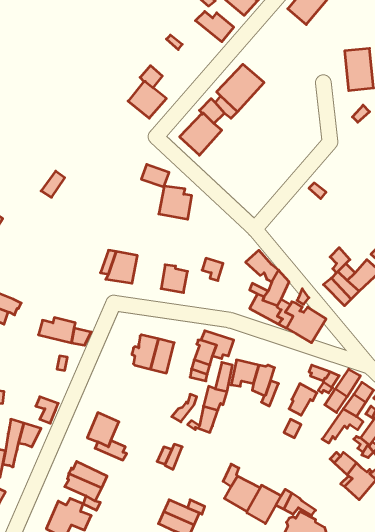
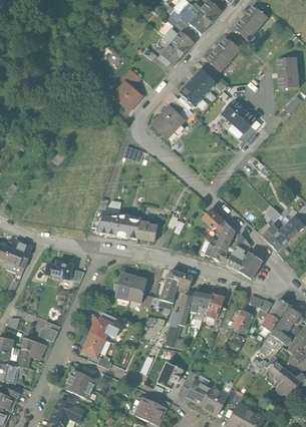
building: none -> [157,35,184,63]
building: none -> [206,35,240,70]
building: none -> [221,99,256,133]
building: [159,186,192,219] -> [115,213,140,239]
building: none -> [89,312,119,340]
building: none -> [158,363,182,391]

